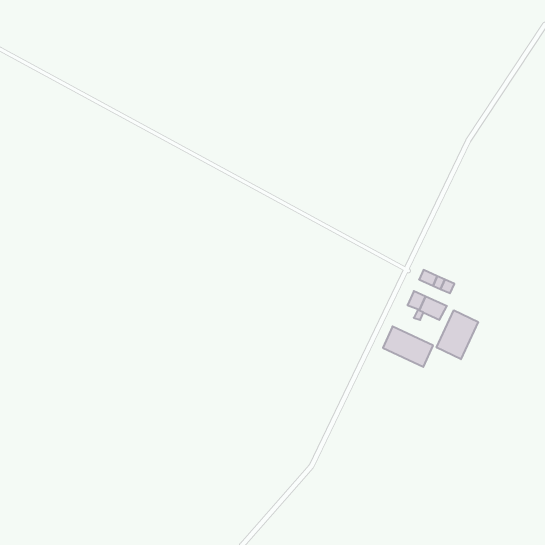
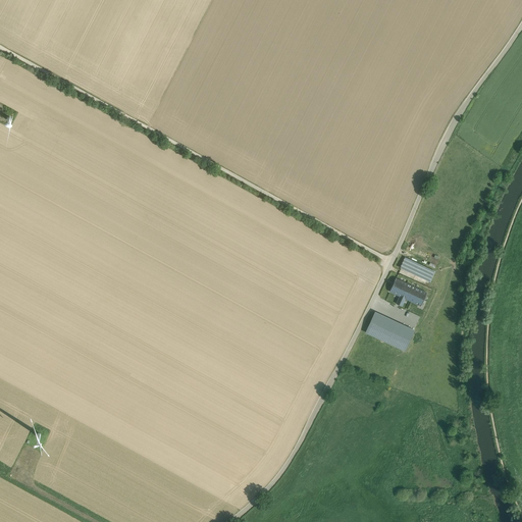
building: [437,310,478,359] -> none

